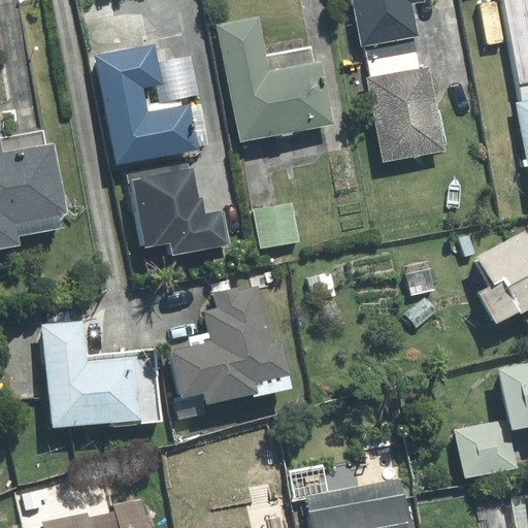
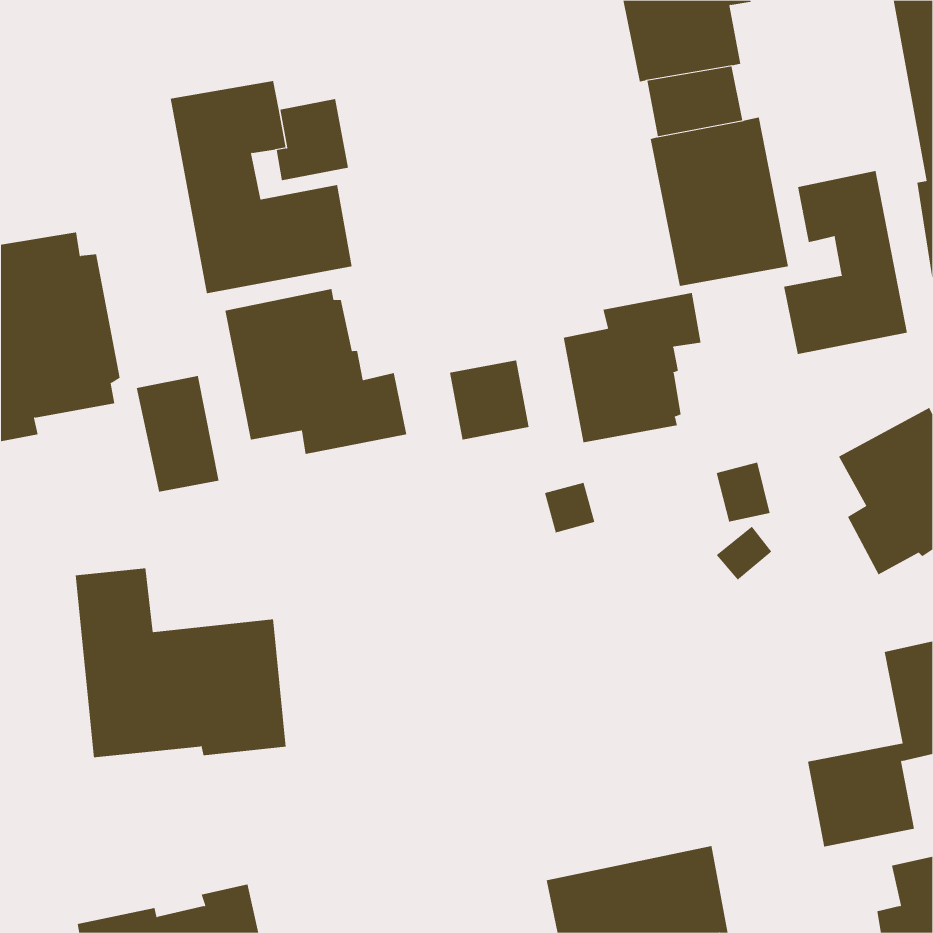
building: [218,18,334,141] -> none
building: none -> [783,170,907,355]
building: none -> [563,292,701,443]
building: none -> [136,375,219,492]
building: [171,286,292,419] -> none

